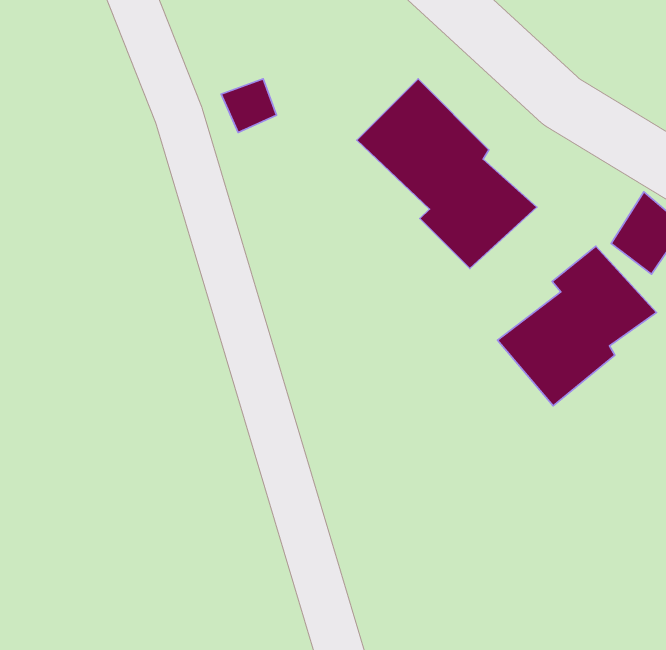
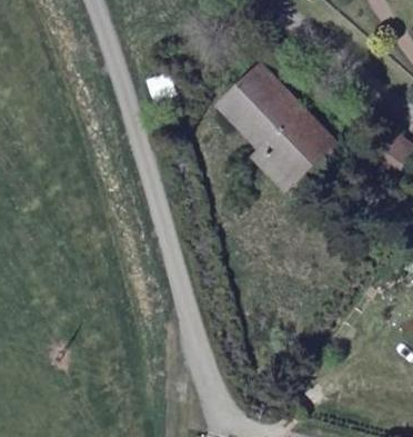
building: [498,246,656,406] -> none

